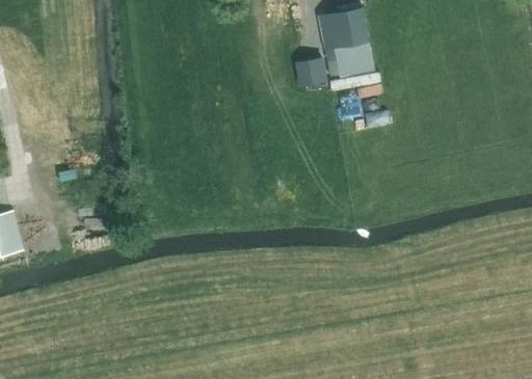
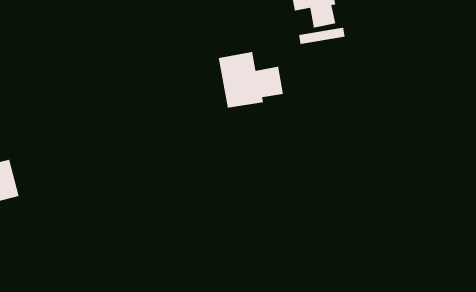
building: [294,56,327,85] -> none
building: none -> [218,51,283,108]

